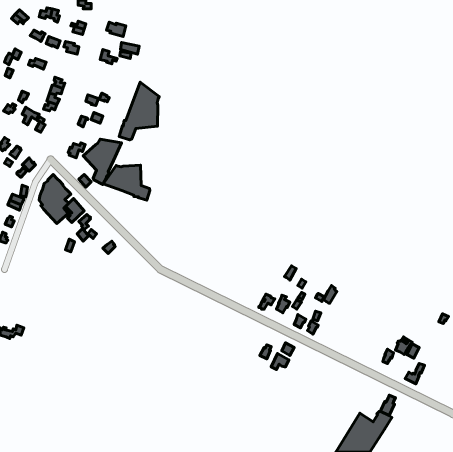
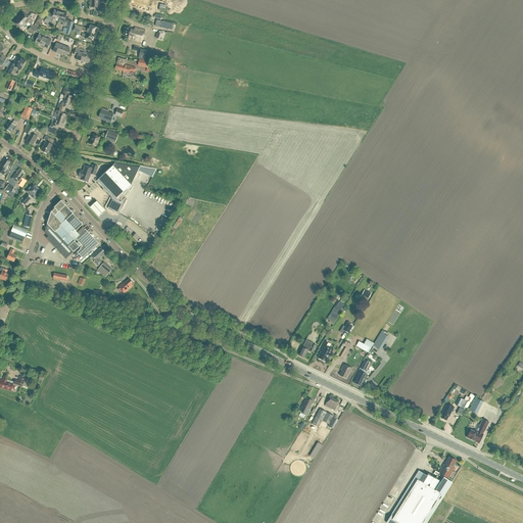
building: [119,82,159,140] -> none
building: [103,165,150,200] -> none

